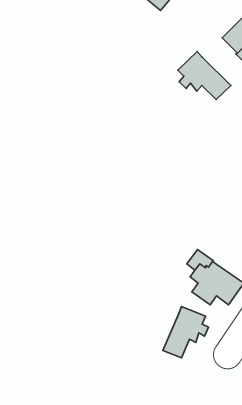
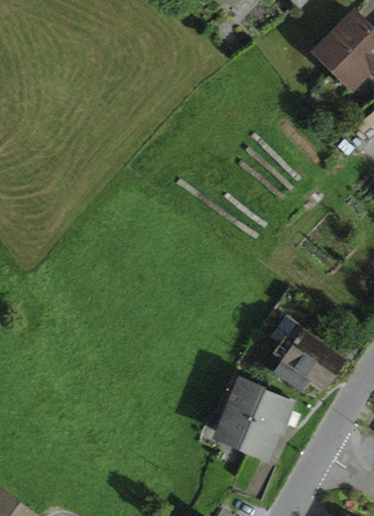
building: [178,52,231,100] -> none
building: none -> [217,375,263,445]

